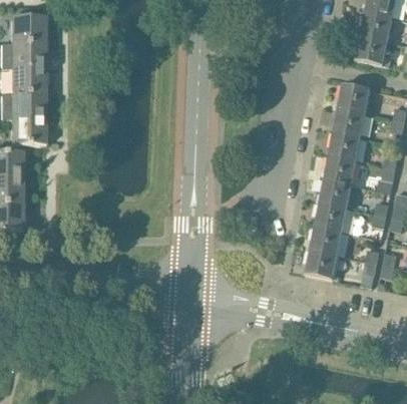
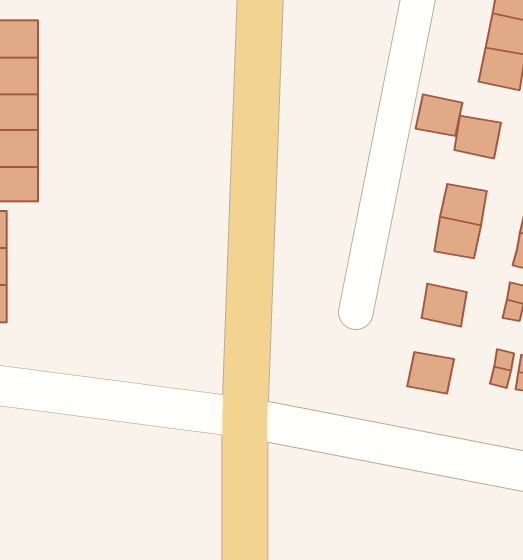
building: [333,106,366,135] -> [416,94,463,136]
building: [319,177,352,207] -> none
building: [310,225,343,254] -> none

